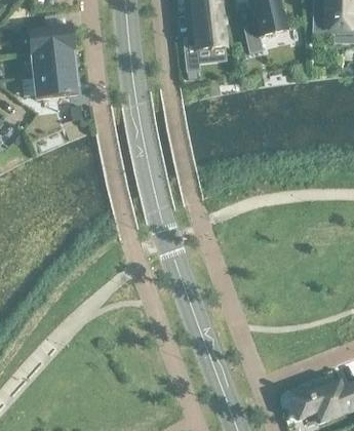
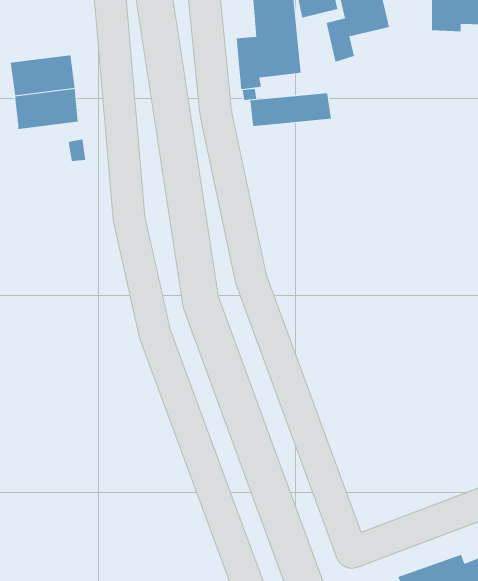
building: [30,26,73,53] -> none
building: none -> [249,92,332,127]

